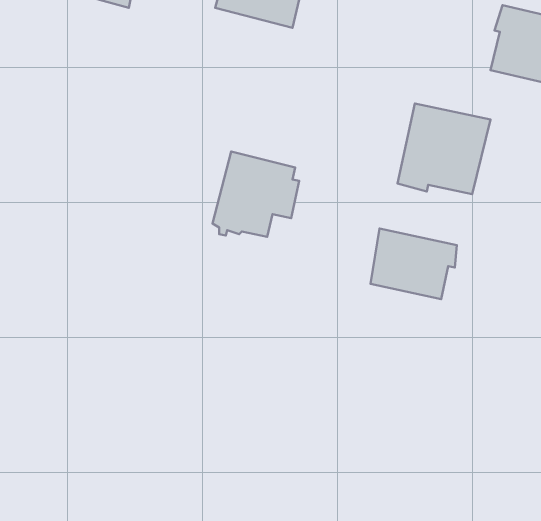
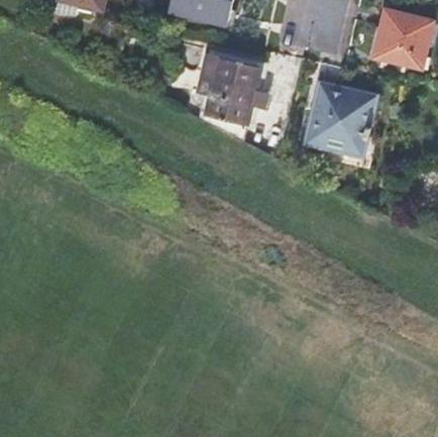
building: [213,152,299,237] -> [205,58,270,122]
building: [370,228,457,299] -> none

